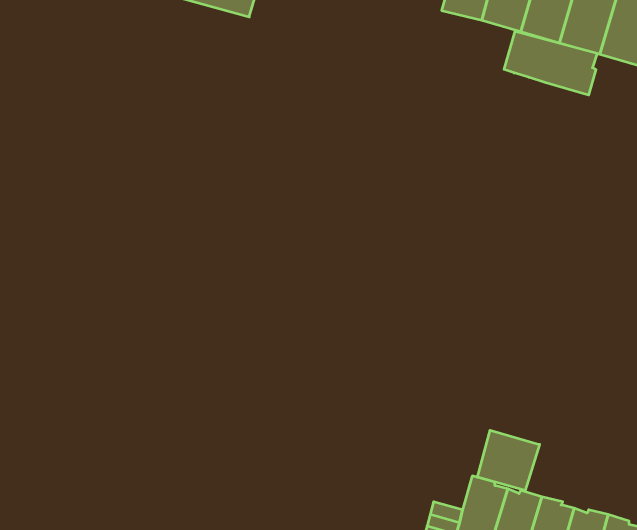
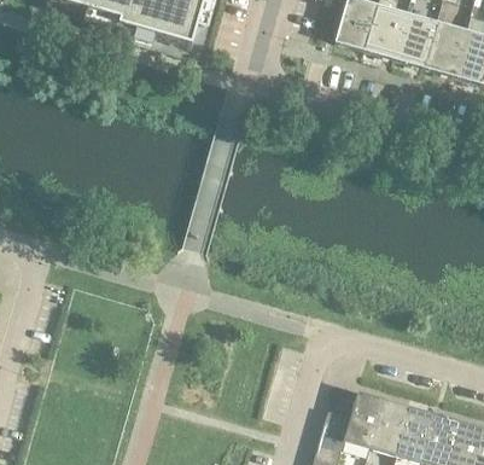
building: [504,31,597,95] -> none
building: [477,430,540,491] -> none

